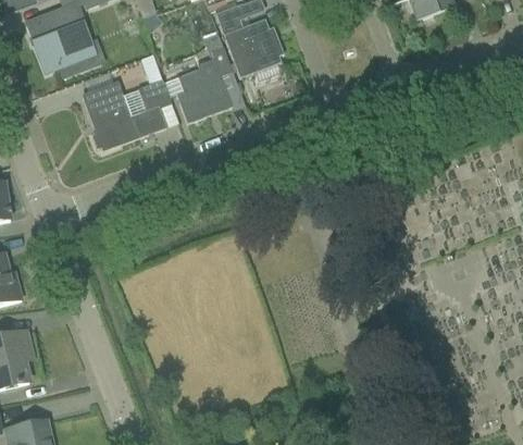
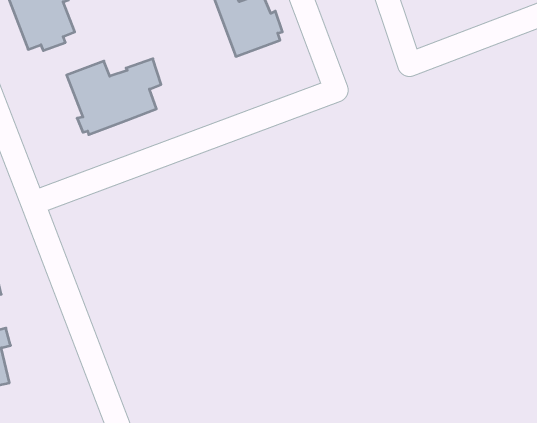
building: [176,33,232,123] -> none

